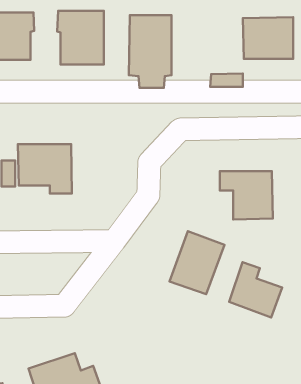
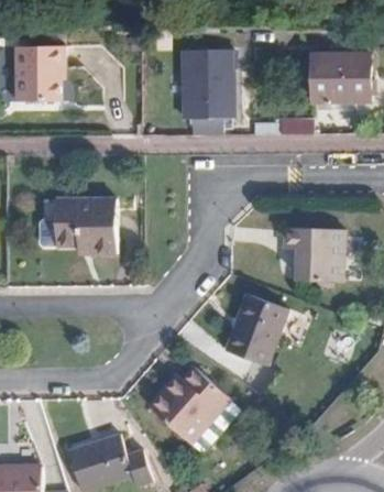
building: [57,11,104,64] -> none
building: [229,262,282,317] -> none
building: none -> [149,365,229,441]

